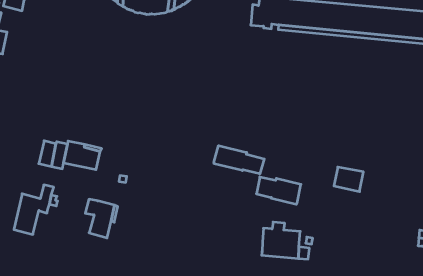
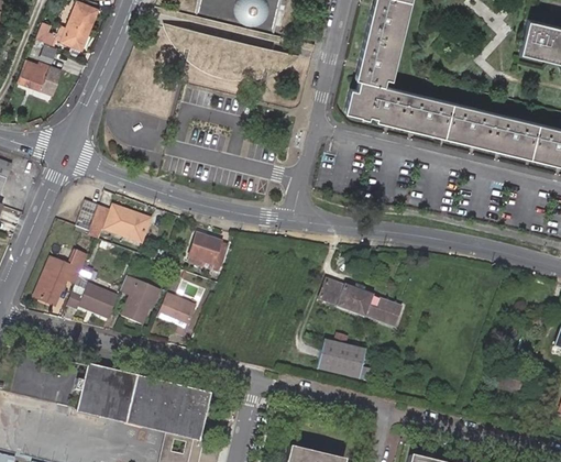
building: [214,146,264,174] -> none
building: none -> [190,234,227,272]
building: [334,167,363,192] -> [366,295,403,327]
building: none -> [69,279,119,319]
building: none -> [156,293,195,333]

